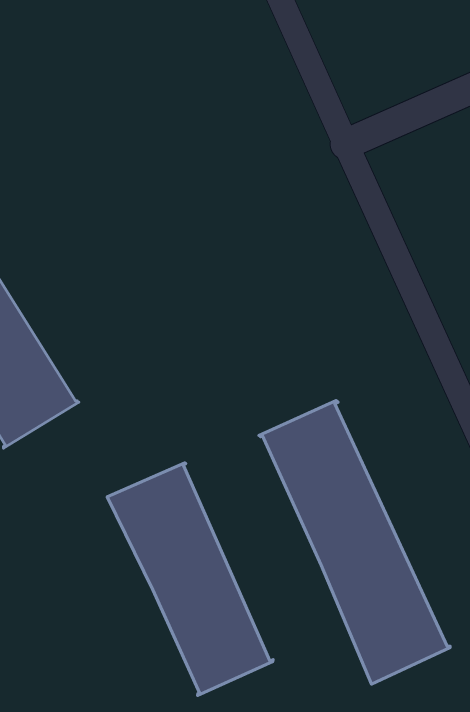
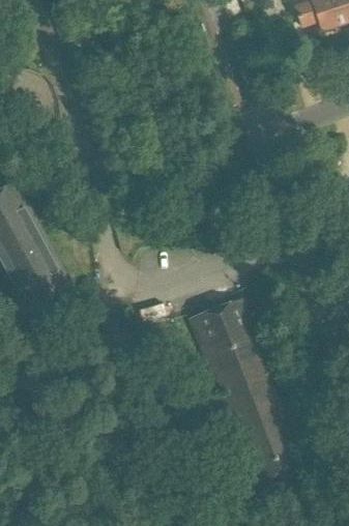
building: [107,463,273,696] -> none

